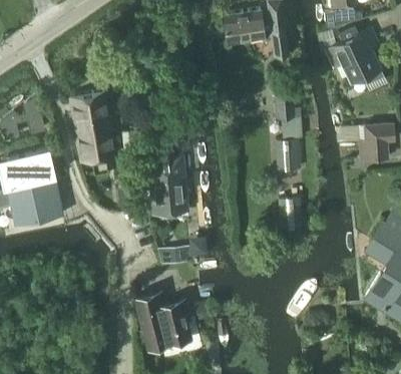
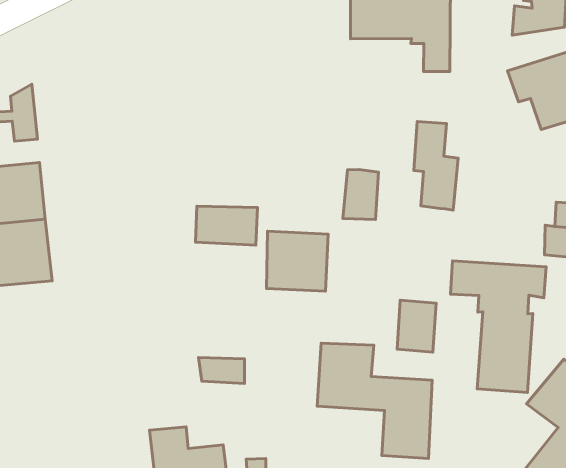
building: [70,89,118,164] -> none
building: [277,140,298,171] -> [343,170,378,219]
building: none -> [450,261,546,392]
building: [149,177,189,216] -> [267,231,328,291]
building: none -> [317,343,432,459]

